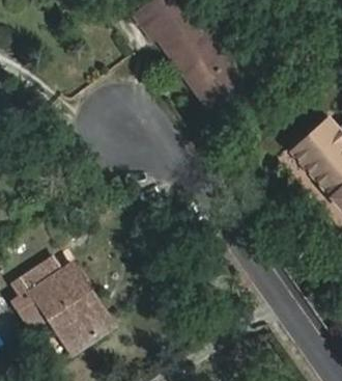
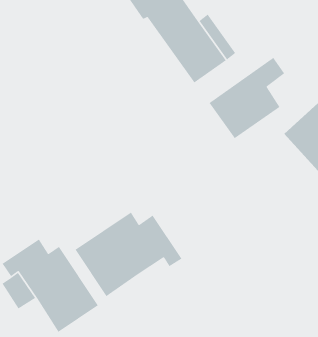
building: none -> [209,57,285,139]
building: none -> [74,211,182,297]

